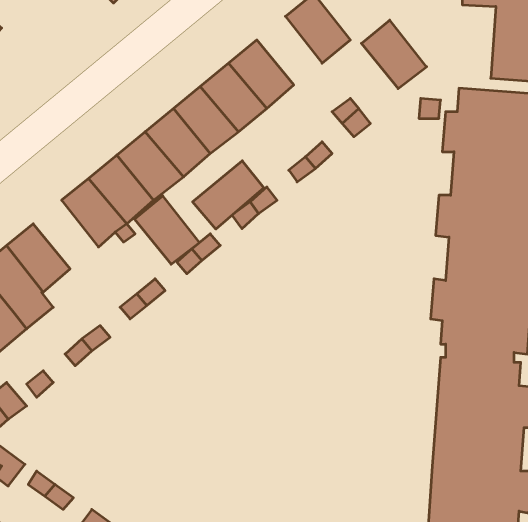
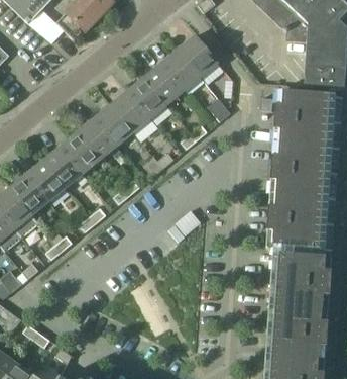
building: [361,20,427,89] -> [162,48,202,89]
building: [193,161,264,229] -> none
building: [134,196,199,264] -> [27,159,67,200]

